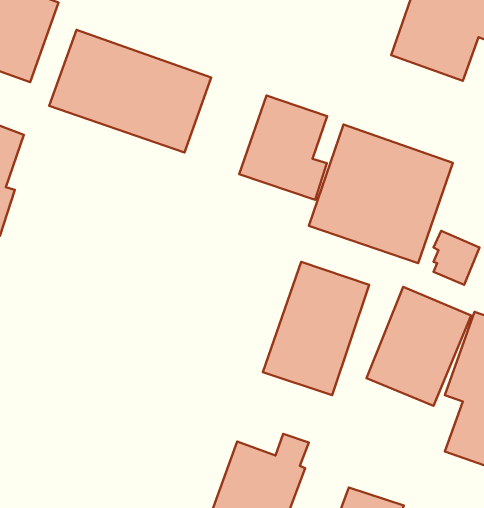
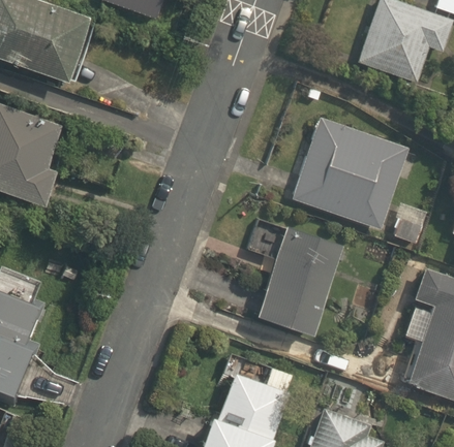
building: [49,30,211,152] -> none
building: [239,95,327,200] -> none
building: [366,287,471,406] -> none

